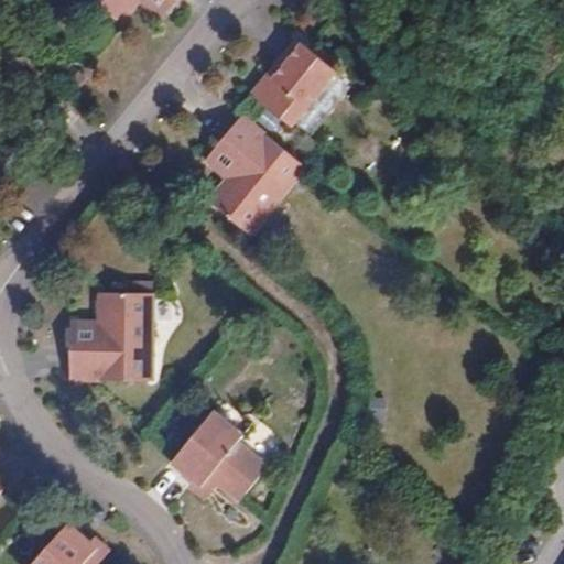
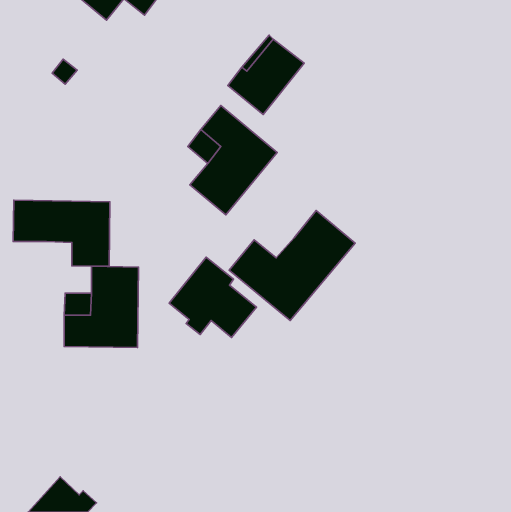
building: none -> [13,200,110,266]
building: none -> [229,211,355,320]
building: [170,412,265,500] -> [169,257,257,337]

